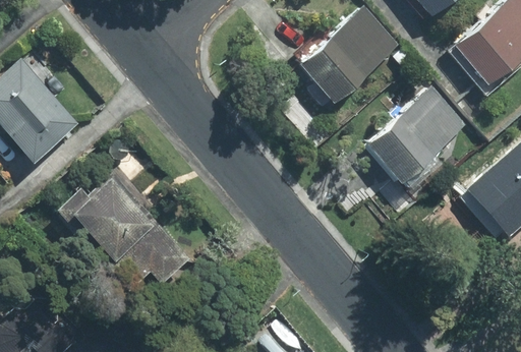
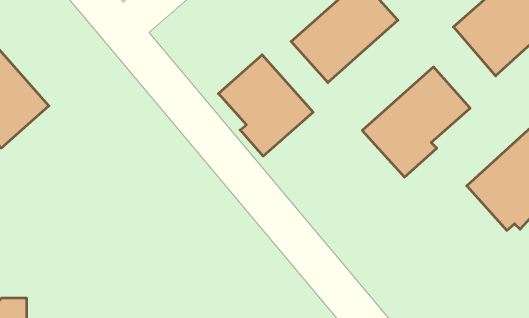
building: none -> [218,55,313,156]
building: [56,177,187,288] -> none

